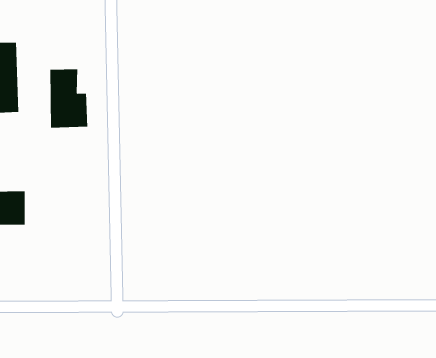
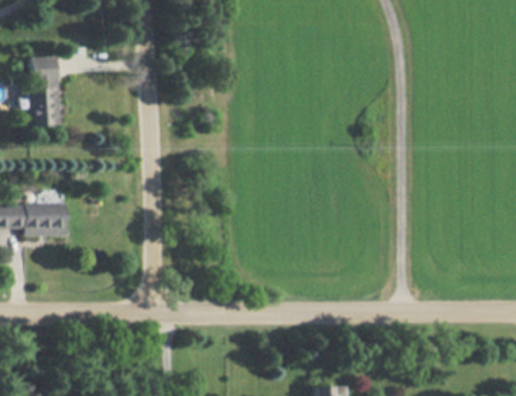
building: [50,68,88,128] -> none

